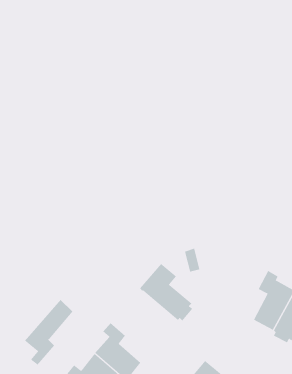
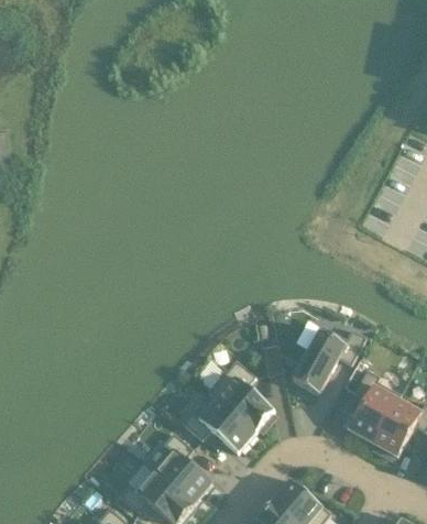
building: none -> [291,326,365,394]
building: none -> [180,395,255,454]
building: [24,299,73,366] -> none

